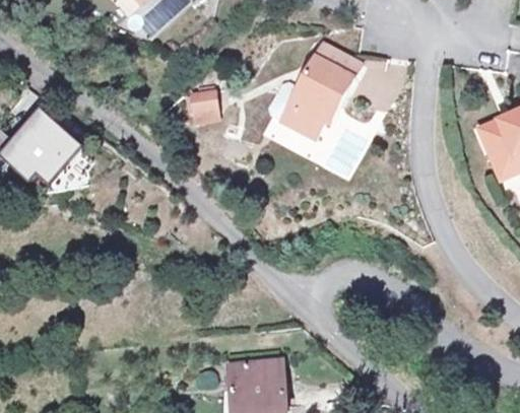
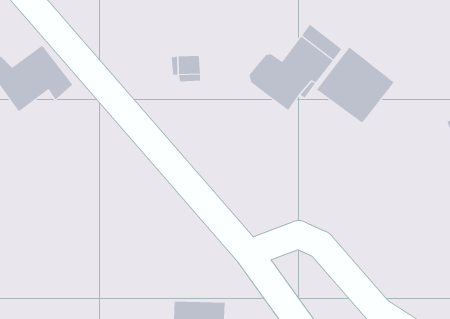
building: none -> [316,47,394,124]

